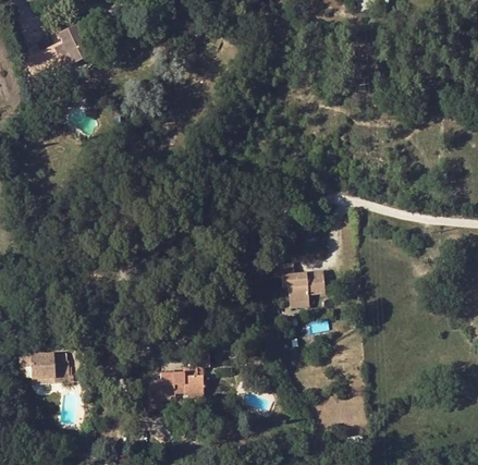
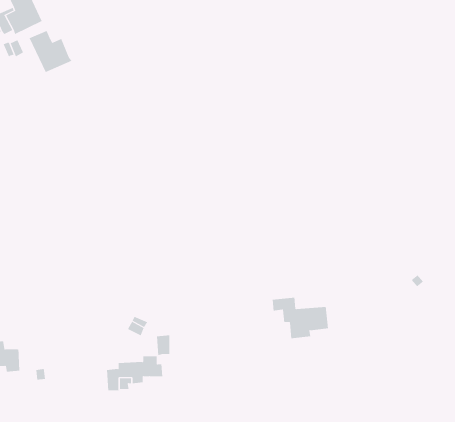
building: none -> [29,30,72,73]
building: [272,262,326,302] -> [272,297,329,339]

